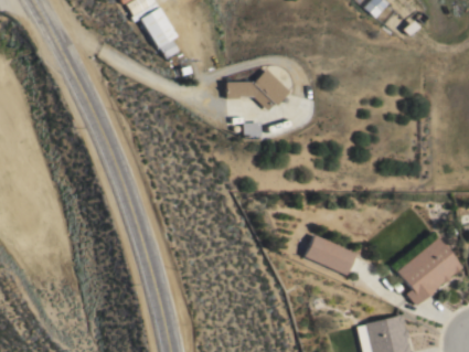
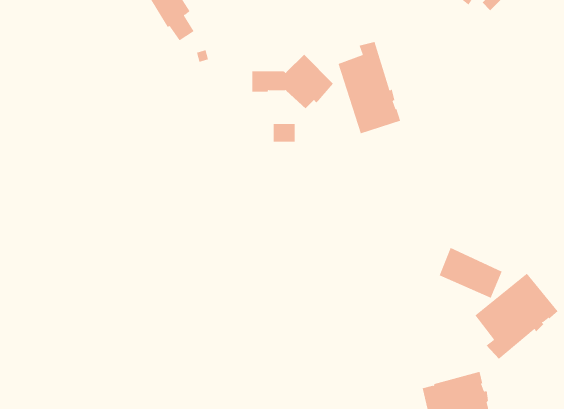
building: none -> [338,41,401,134]
building: [306,235,355,275] -> [439,247,503,298]

